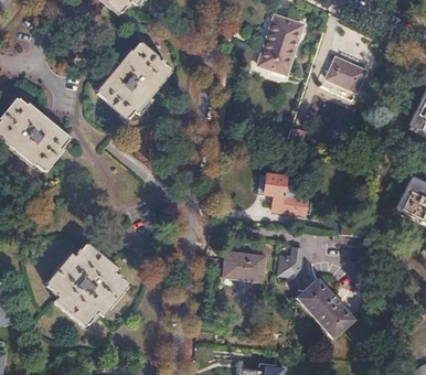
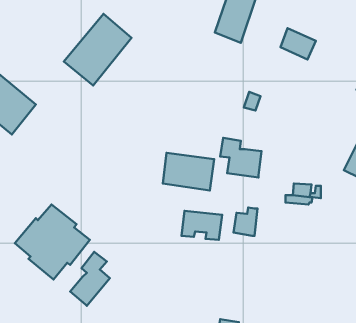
building: none -> [163,153,214,190]
building: [297,278,354,338] -> none
building: none -> [70,252,110,306]

